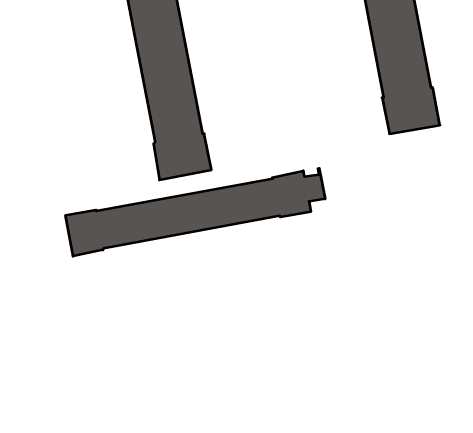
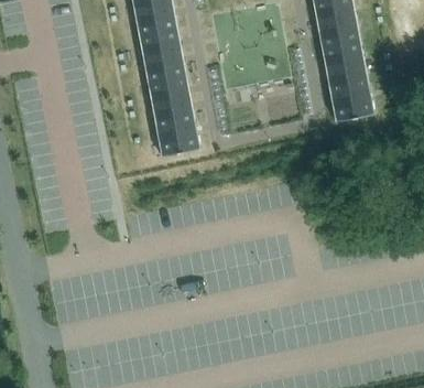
building: [66,168,325,256] -> none

